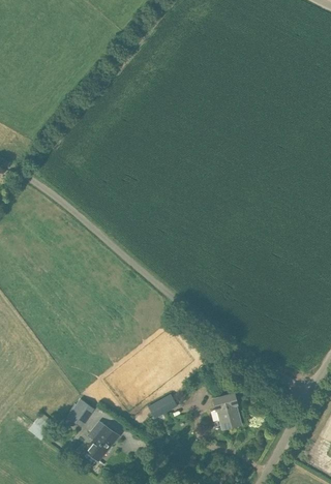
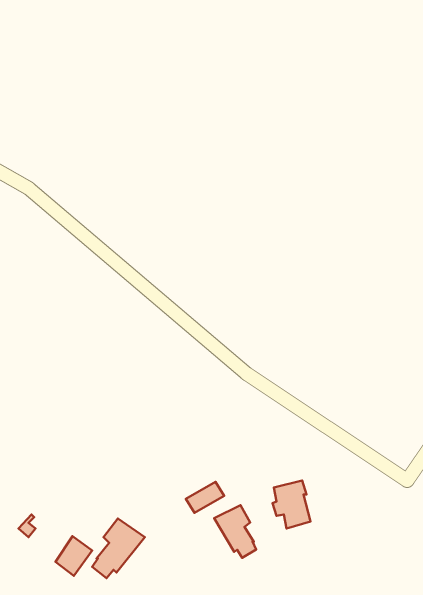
building: [66,398,93,427] -> [55,536,92,576]
building: none -> [214,505,256,558]

